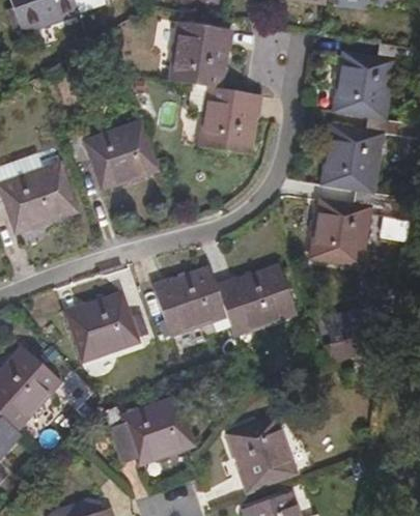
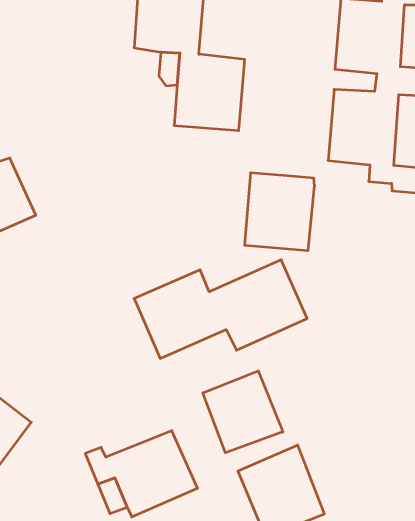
building: [67,121,159,189] -> none
building: [311,198,372,265] -> [245,173,315,251]
building: [65,290,140,361] -> none
building: none -> [203,371,283,453]

